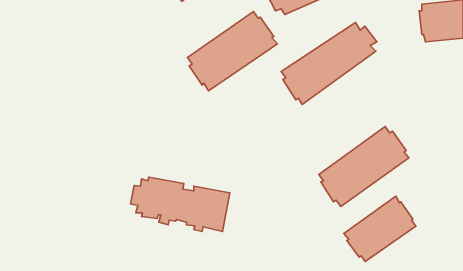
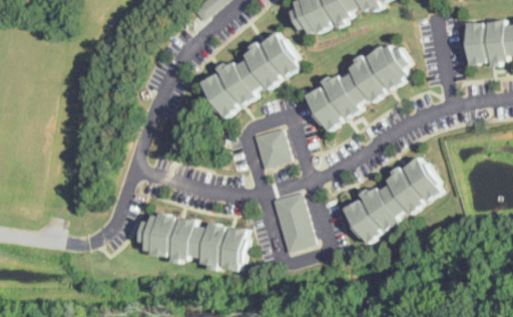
building: none -> [251,127,290,169]
building: none -> [270,191,315,252]
building: [344,196,416,262] -> none

